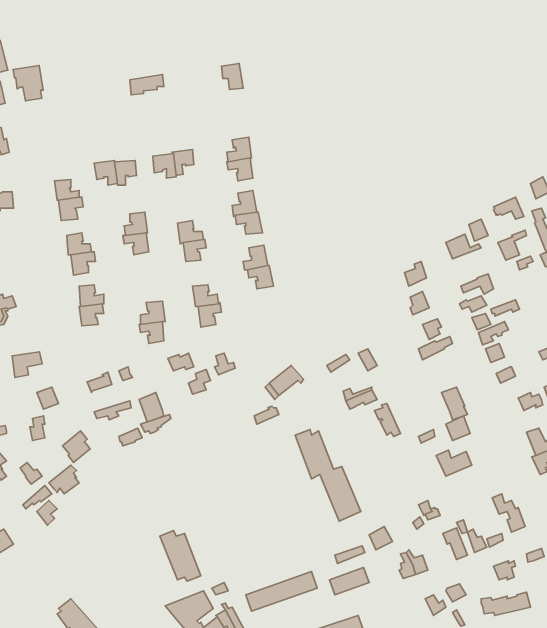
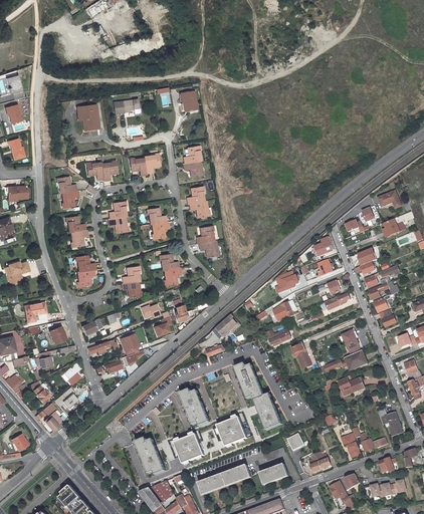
building: [13,65,43,101] -> [77,106,99,133]
building: none -> [274,269,300,293]
building: none -> [180,386,210,424]
building: none -> [216,416,246,446]
building: none -> [173,433,203,463]

